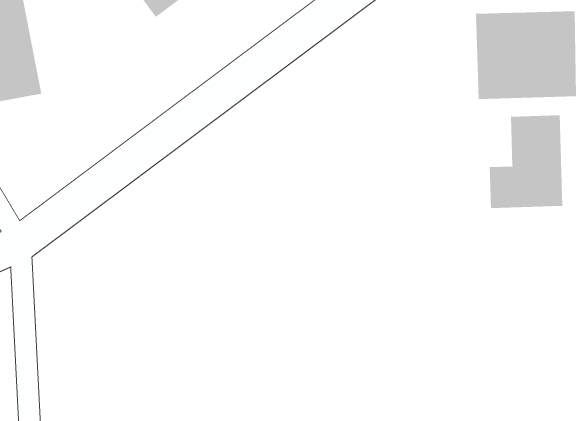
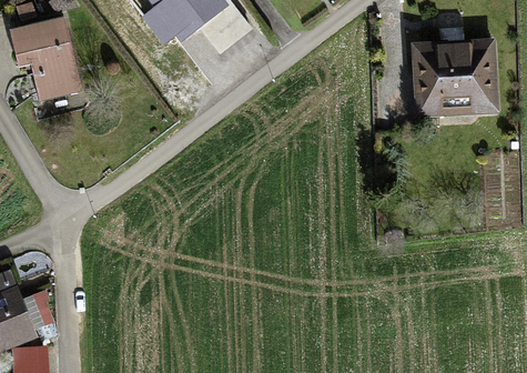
building: [489,114,563,209] -> none

